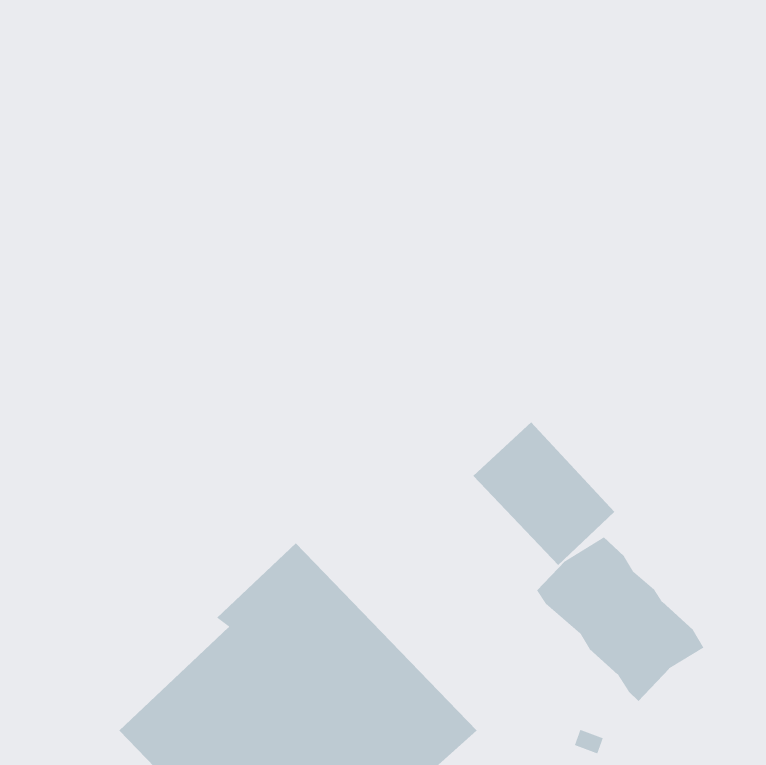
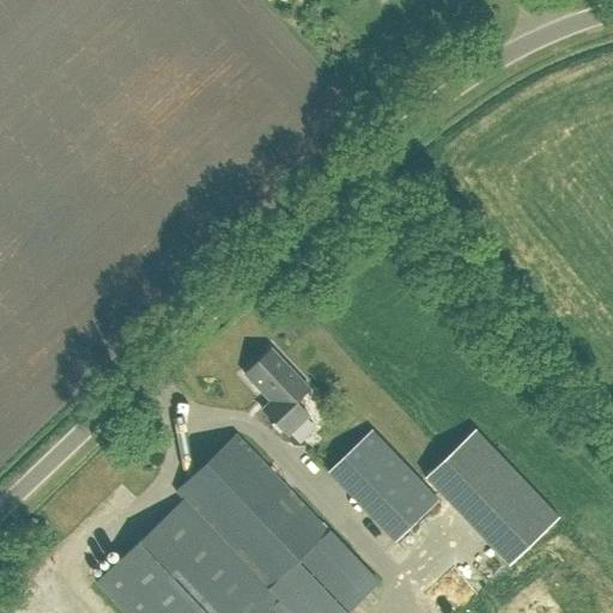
building: [473,422,615,566] -> [327,431,441,546]
building: none -> [250,356,312,439]

